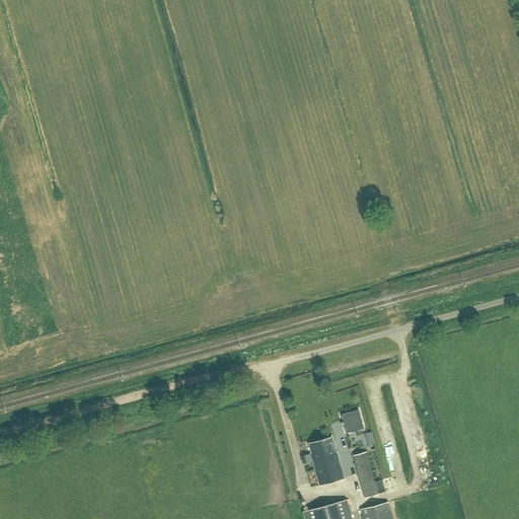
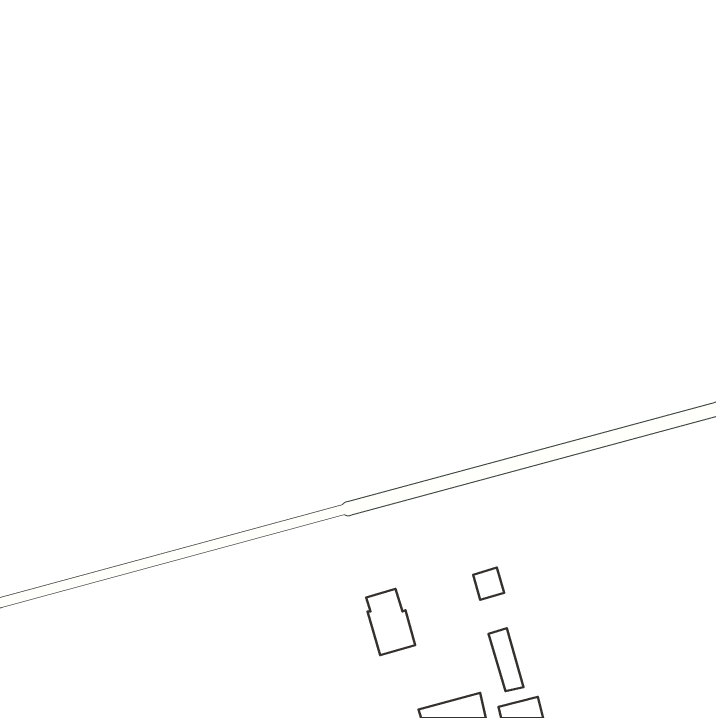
building: [308,438,344,486] -> [366,589,415,655]

